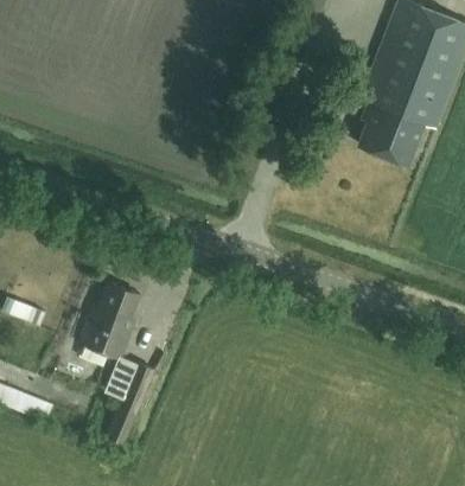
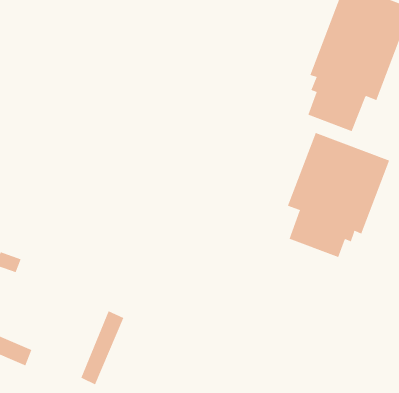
building: none -> [287,132,390,258]
building: [79,281,139,358] -> none

